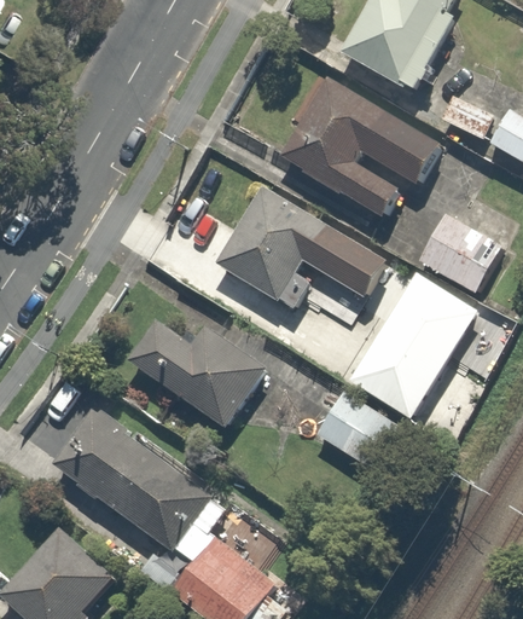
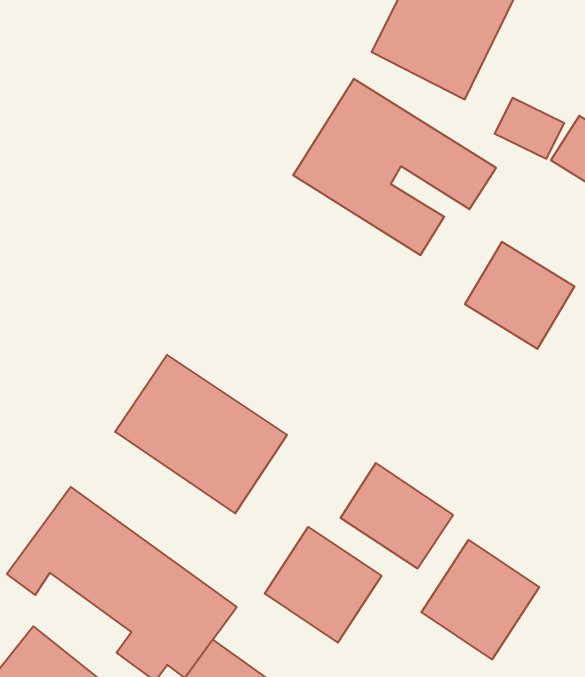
building: [213,185,389,306] -> none
building: [348,271,477,416] -> none
building: none -> [265,527,381,643]
building: none -> [421,540,539,660]

